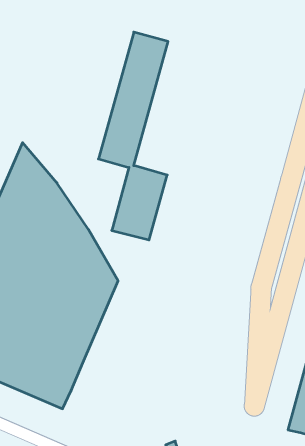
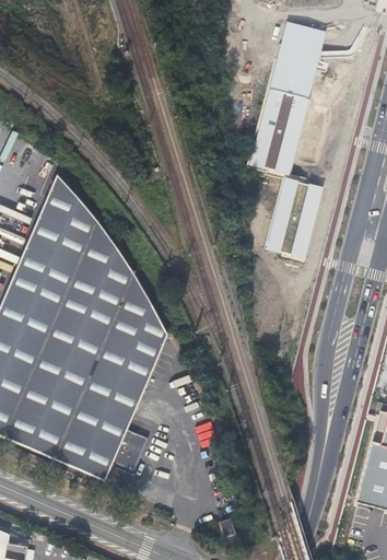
building: [98,32,168,240] -> [248,22,328,260]
building: none -> [112,428,146,468]

